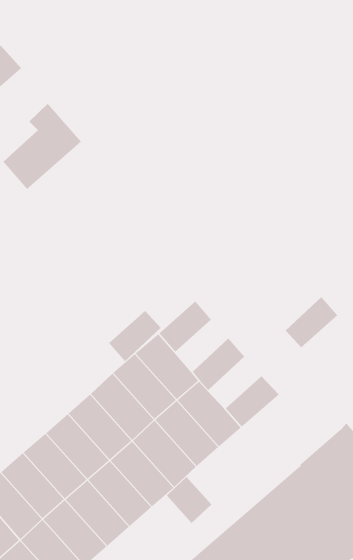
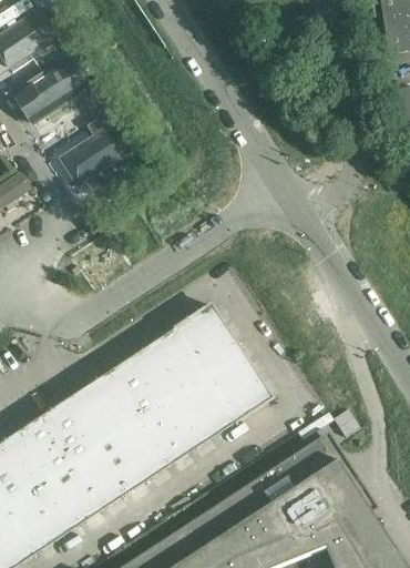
building: [285,296,338,348] -> [208,362,257,405]
building: [108,310,162,362] -> [184,325,233,368]
building: [166,476,212,524] -> none

